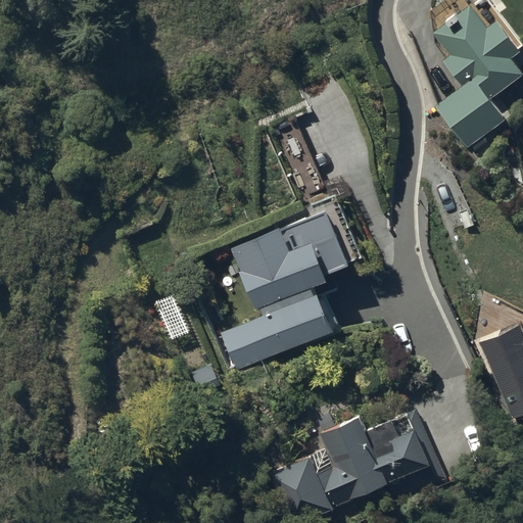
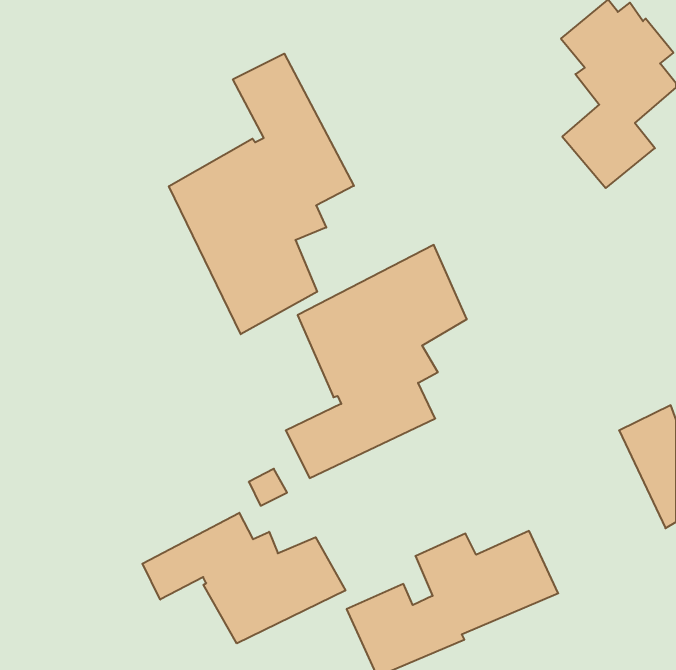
building: none -> [169,54,354,334]
building: none -> [142,513,345,643]

